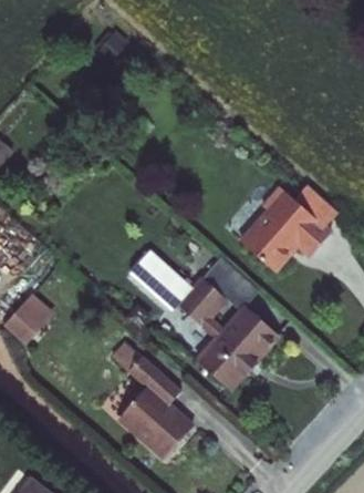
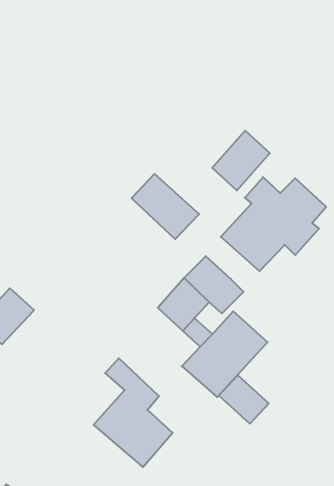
building: none -> [212,131,270,191]
building: [128,245,194,308] -> [132,174,199,239]
building: none -> [219,375,269,424]

